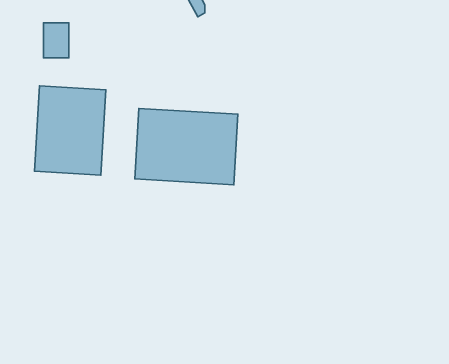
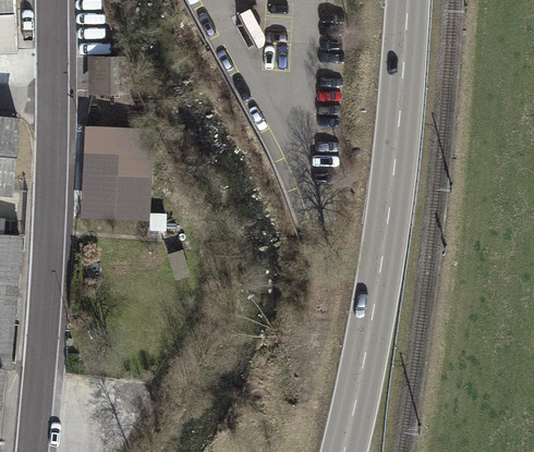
building: [135,108,238,185] -> none

